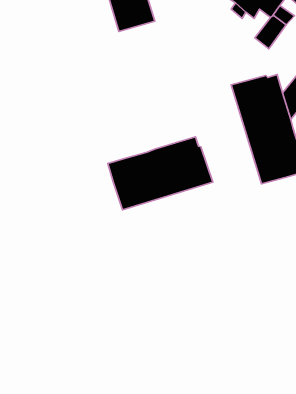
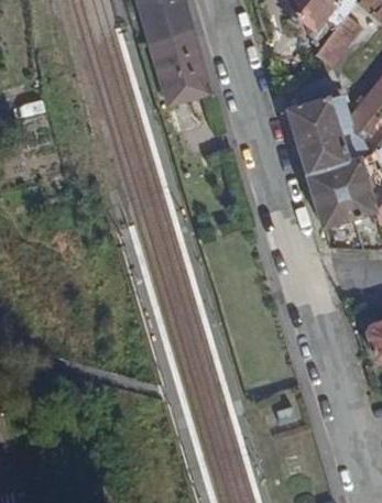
building: none -> [152,32,212,106]
building: [108,137,213,210] -> none

